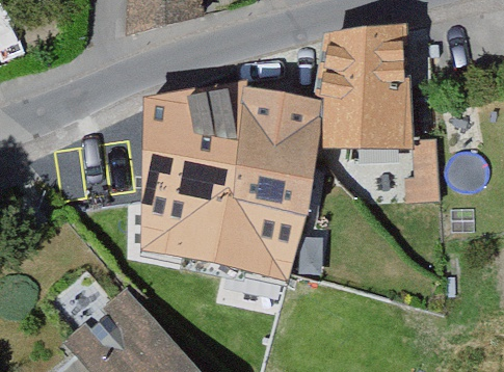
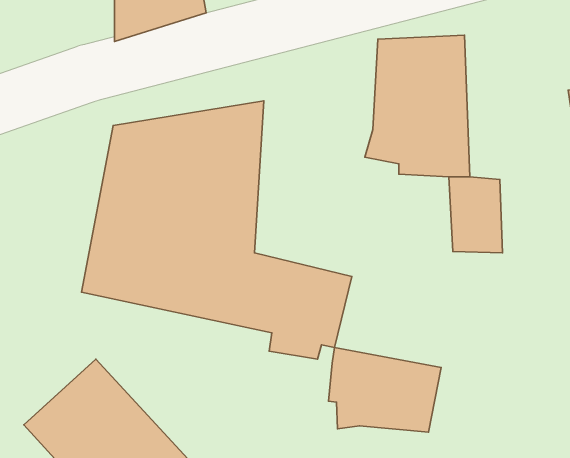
building: [241,84,335,223] -> none
building: none -> [329,347,441,432]

